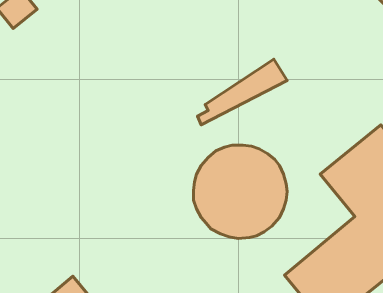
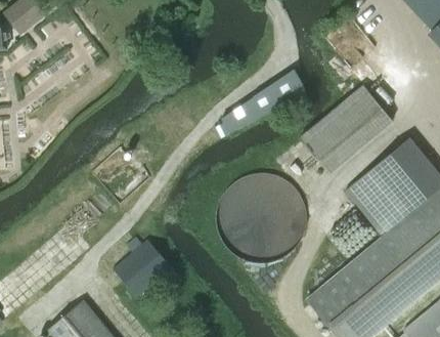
building: none -> [306,85,388,160]
building: none -> [113,240,171,297]

